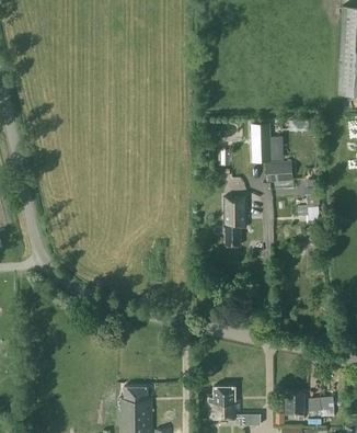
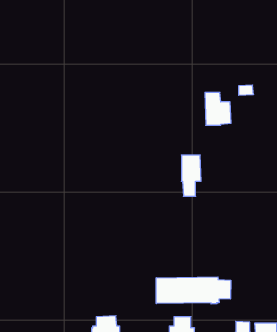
building: [265,163,292,184] -> none
building: none -> [156,277,231,304]

